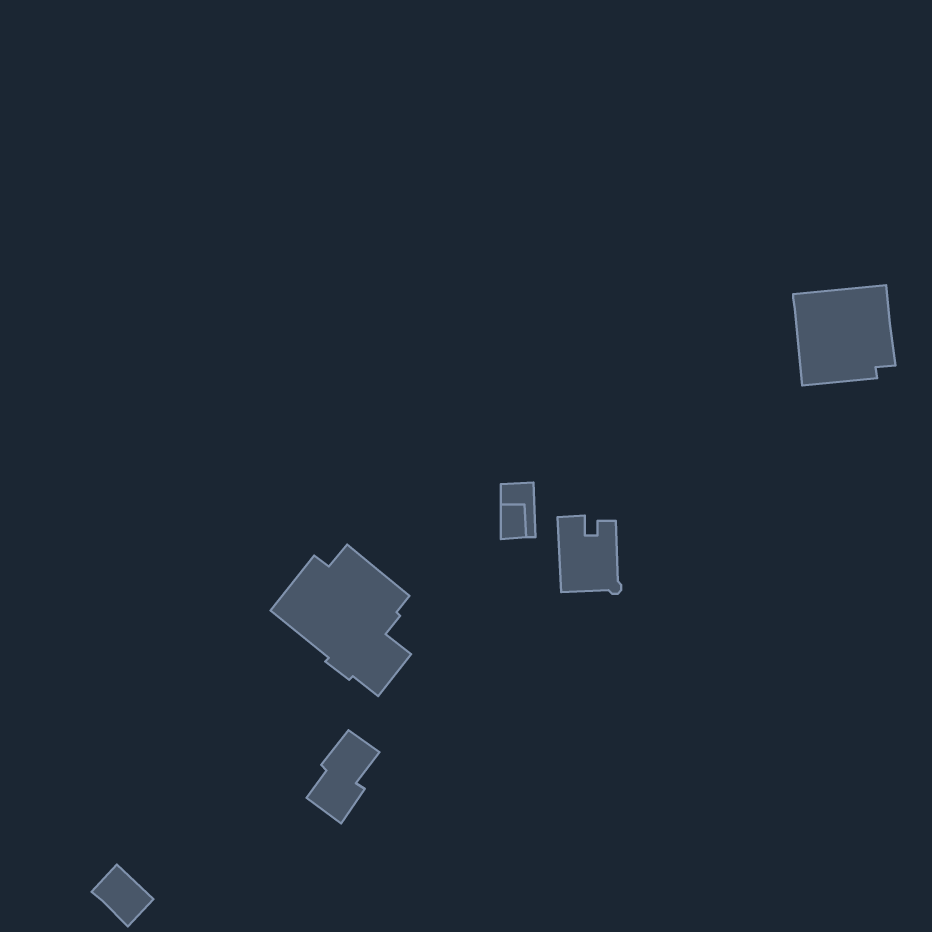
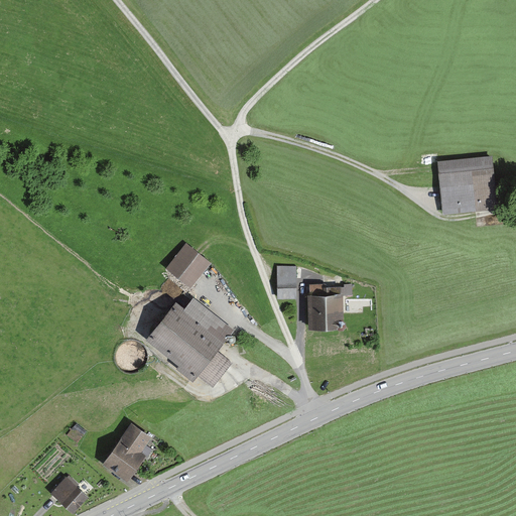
building: none -> [168,246,207,286]
building: [306,730,380,823] -> [109,425,149,477]

